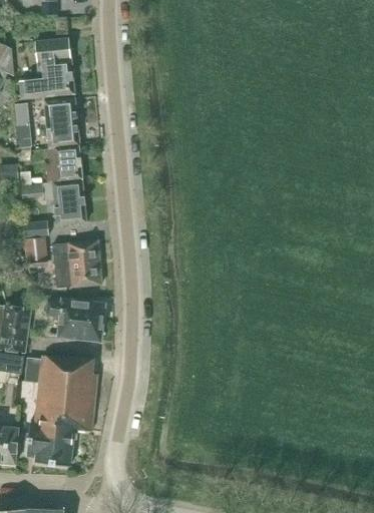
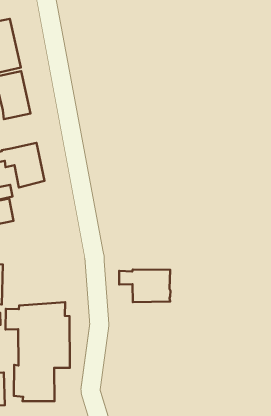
building: [48,145,81,181] -> none
building: [51,240,100,288] -> none
building: [45,300,103,340] -> [119,269,171,302]

